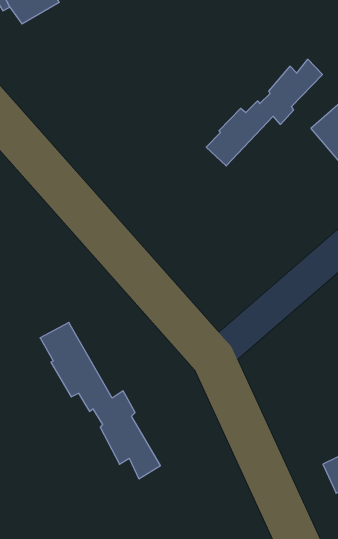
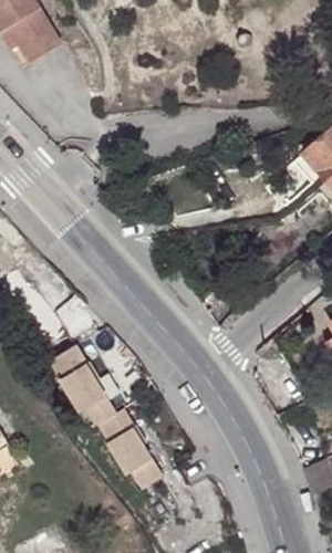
building: [206,59,322,166] -> none

